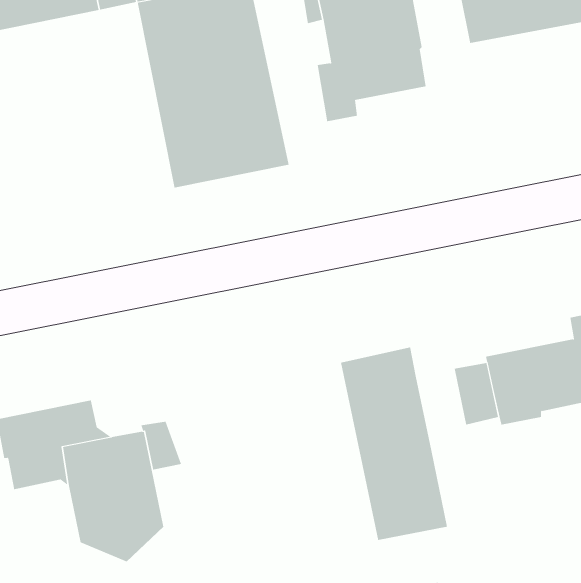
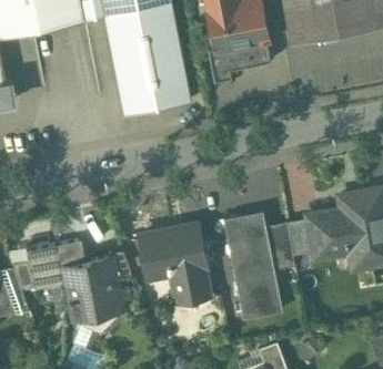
building: none -> [138,222,206,299]
building: none -> [264,222,294,268]

